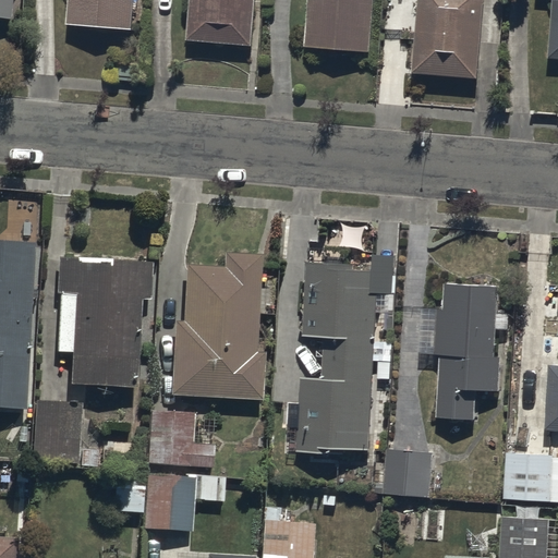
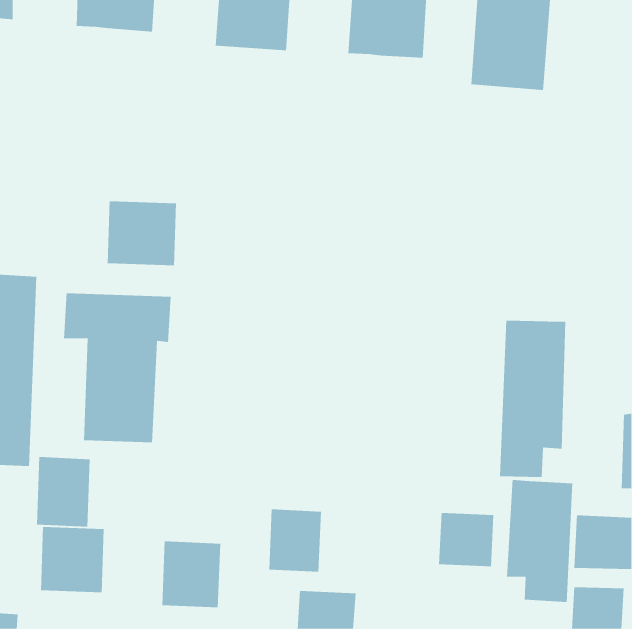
building: none -> [107,201,177,266]
building: [172,253,265,401] -> none
building: [298,253,398,453] -> none
building: [147,411,194,466] -> [268,509,322,572]
building: none -> [506,479,573,603]
building: none -> [40,526,104,593]

